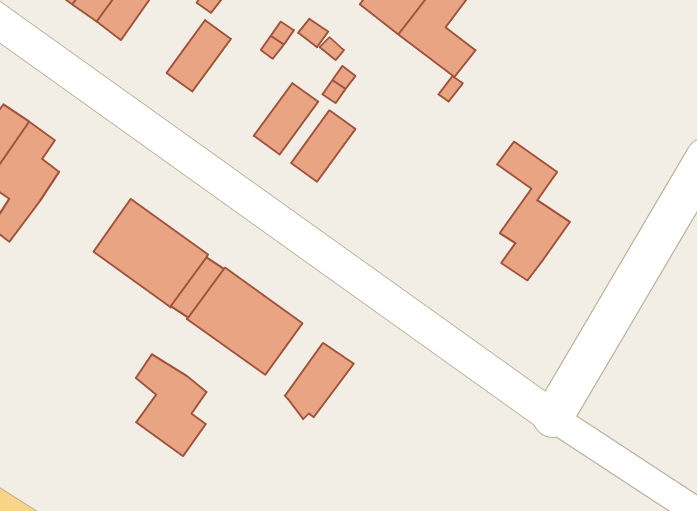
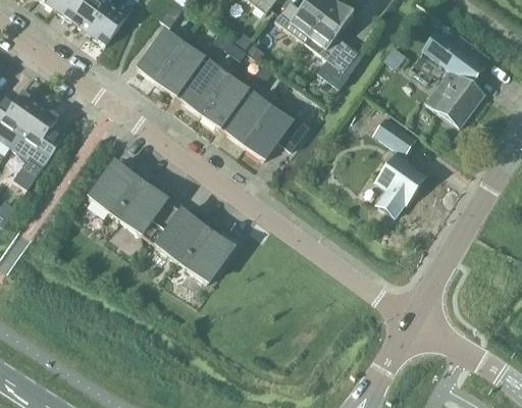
building: none -> [425,31,486,126]
building: none -> [156,43,202,94]
building: none -> [182,61,227,112]
building: none -> [245,107,310,157]
building: [285,343,354,419] -> none
building: [136,354,207,456] -> none

